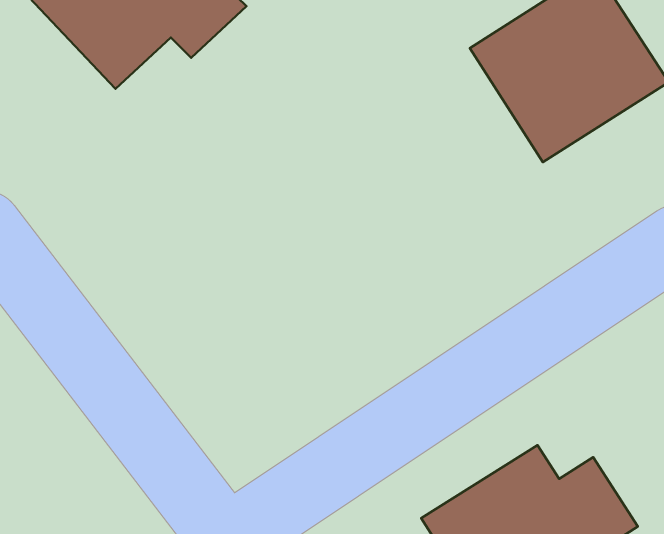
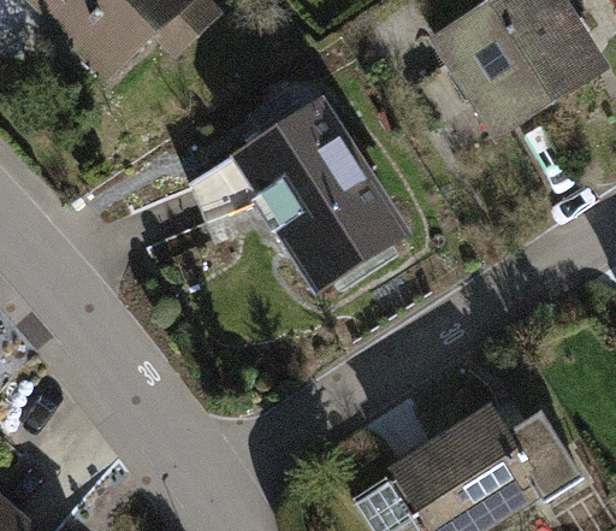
building: none -> [190,98,408,290]

